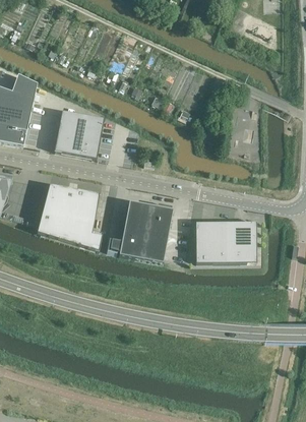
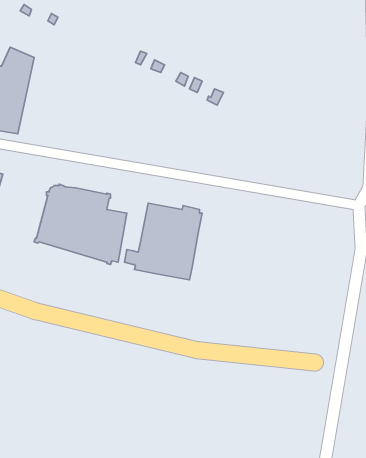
building: [53,110,103,158] -> none
building: [194,221,255,261] -> none

